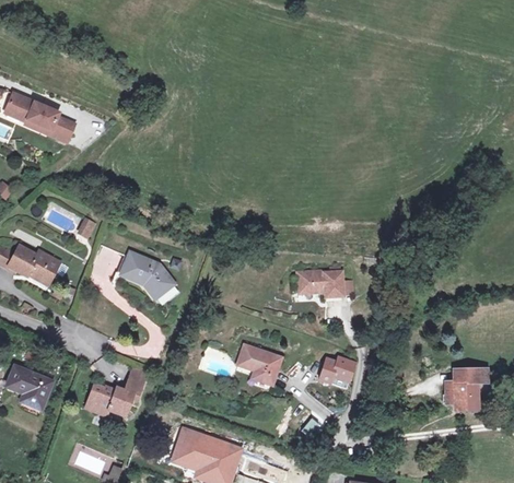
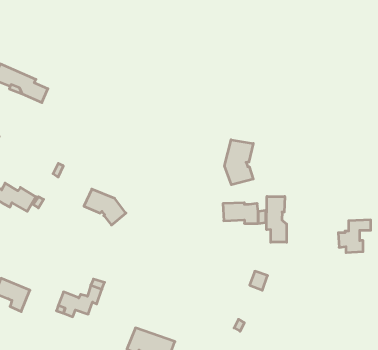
building: none -> [225,140,253,185]
building: none -> [267,196,287,242]
building: [237,344,281,385] -> none
building: [445,368,487,410] -> [338,220,371,253]

